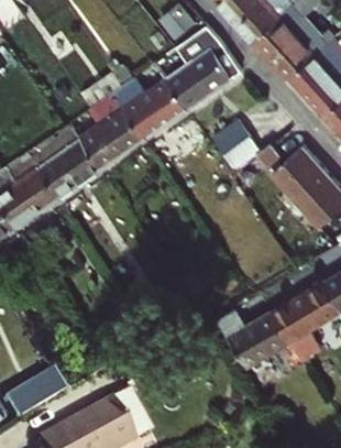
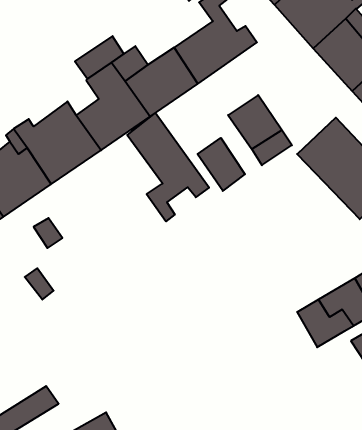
building: none -> [127,113,209,221]
building: none -> [198,138,245,191]
building: [217,307,290,368] -> none

